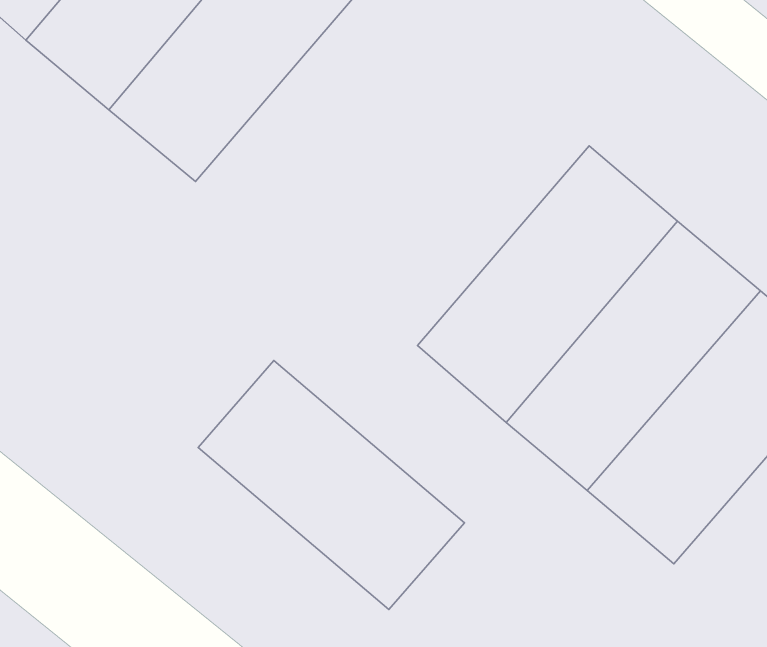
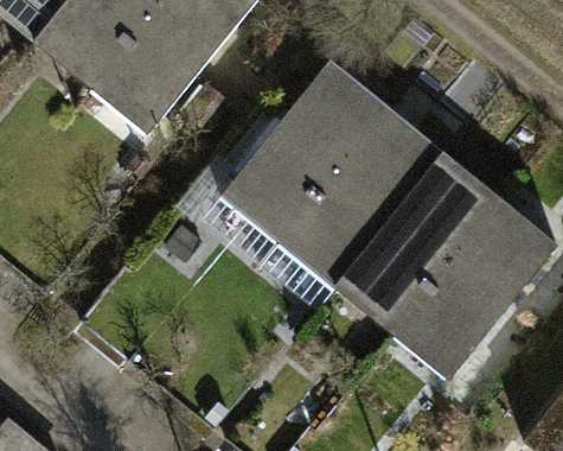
building: none -> [226,63,394,239]
building: [198,360,464,610] -> none

